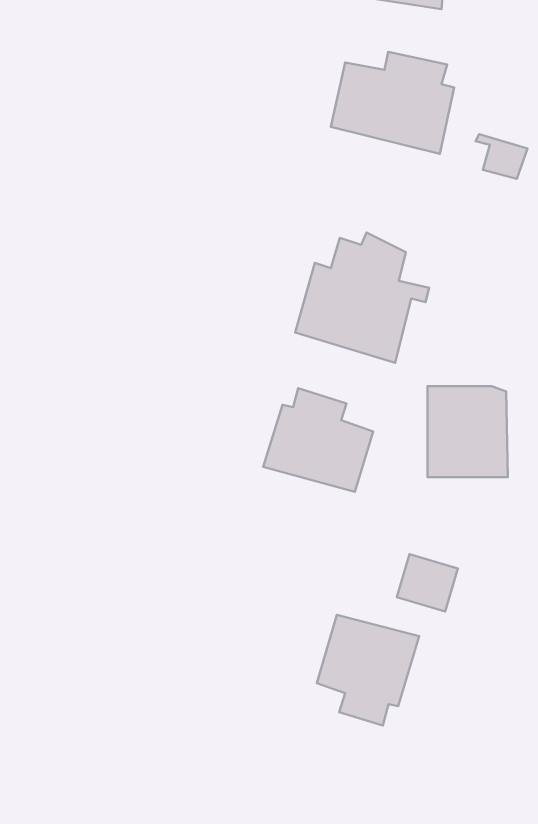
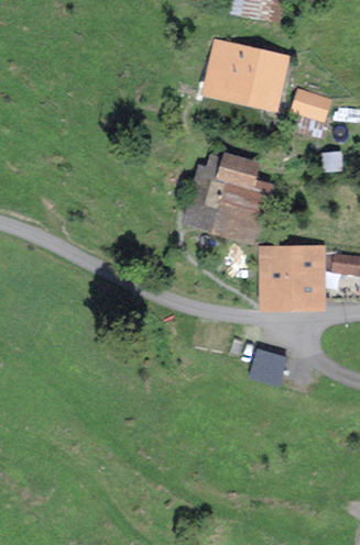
building: [263,388,373,492] -> none
building: [317,615,419,726] -> none

